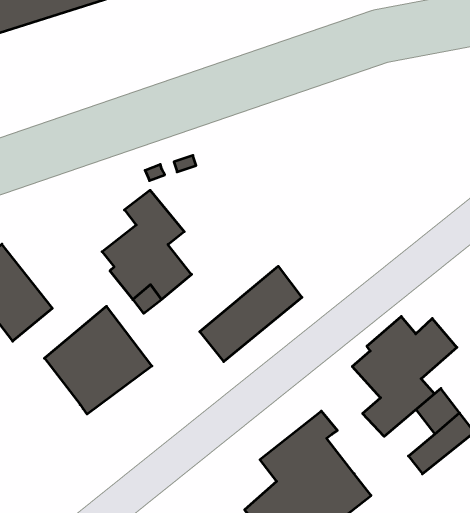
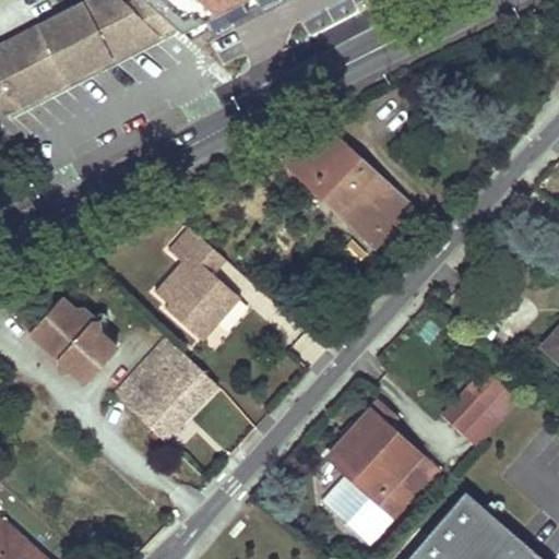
building: none -> [282,121,412,249]
building: [200,266,302,362] -> none
building: [352,316,457,436] -> none

